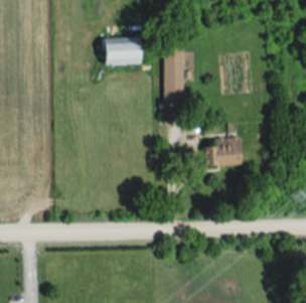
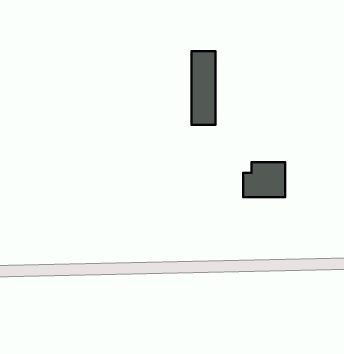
building: [100,37,141,64] -> none

